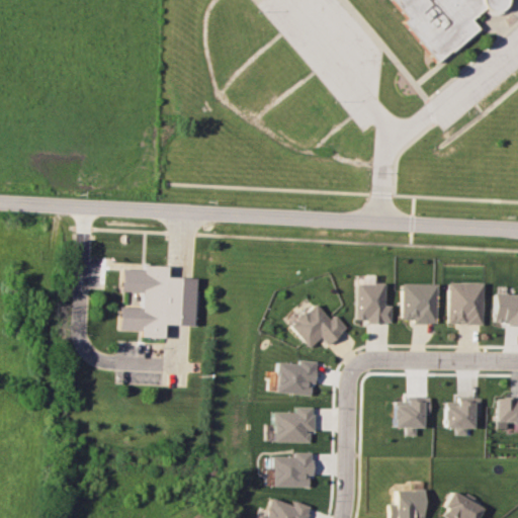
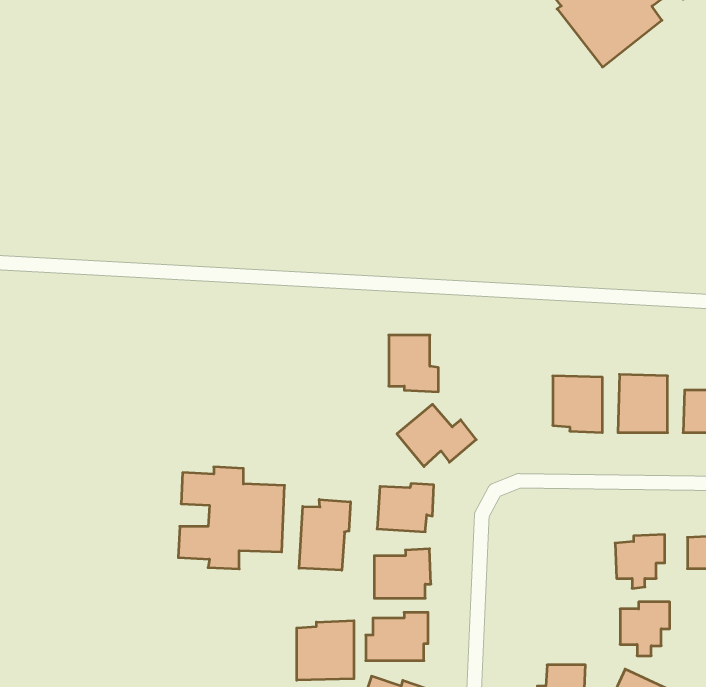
building: [122,265,198,338] -> [178,467,285,569]
building: [357,283,393,324] -> [389,335,438,392]
building: none -> [299,499,350,570]
building: [397,397,432,435] -> [620,602,670,656]
building: none -> [297,621,354,680]

